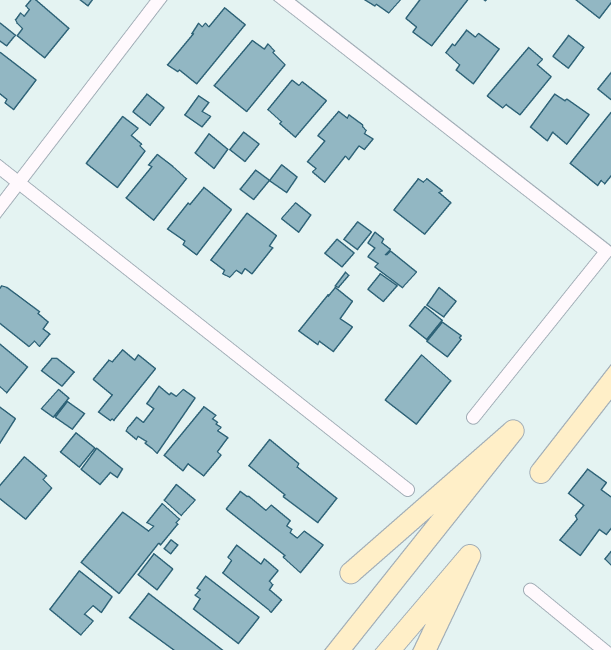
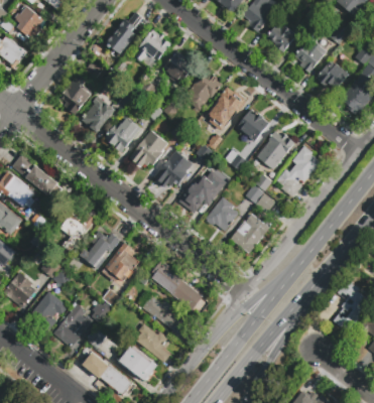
building: none -> [207,89,245,128]
building: none -> [257,131,295,168]
building: none -> [277,144,322,196]
building: none -> [154,149,193,187]
building: none -> [12,153,63,197]
building: none -> [206,195,239,230]
building: [50,571,112,635] -> [31,290,68,327]

